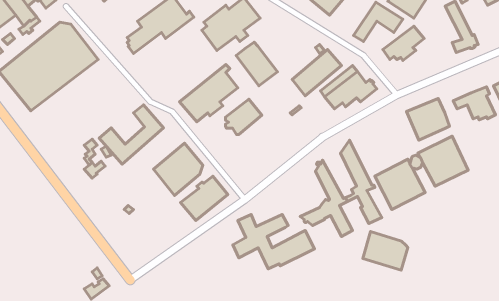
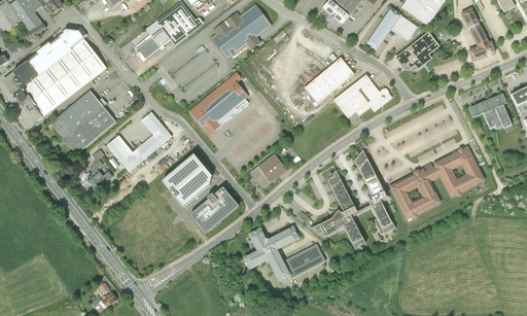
building: [236,42,278,86] -> none
building: none -> [49,90,115,154]
building: [407,99,450,140] -> none
building: [226,99,262,134] -> [249,152,286,188]
building: [363,231,408,270] -> none

